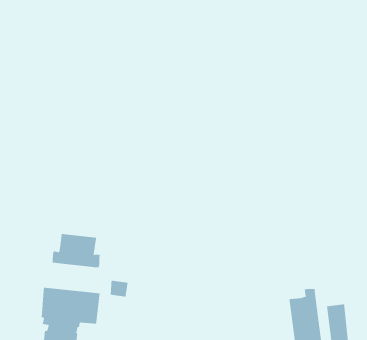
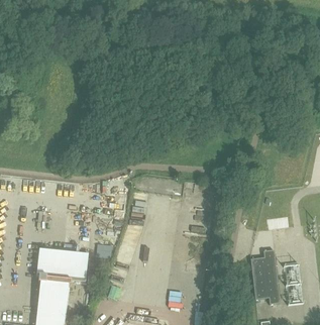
building: [52,233,101,268] -> none

